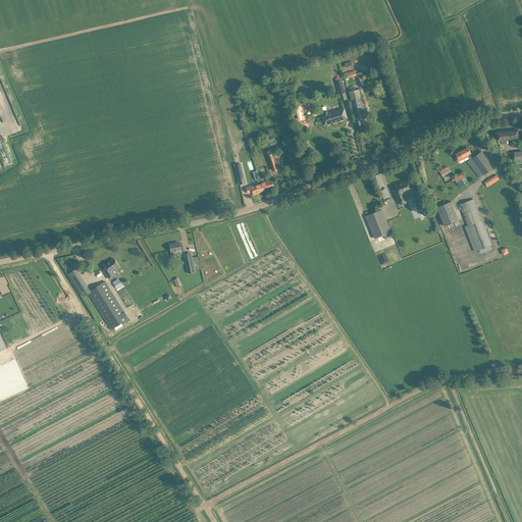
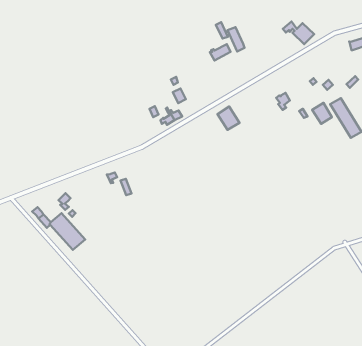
building: [455,147,492,177] -> [283,22,314,44]
building: [365,209,390,238] -> [217,106,240,130]

